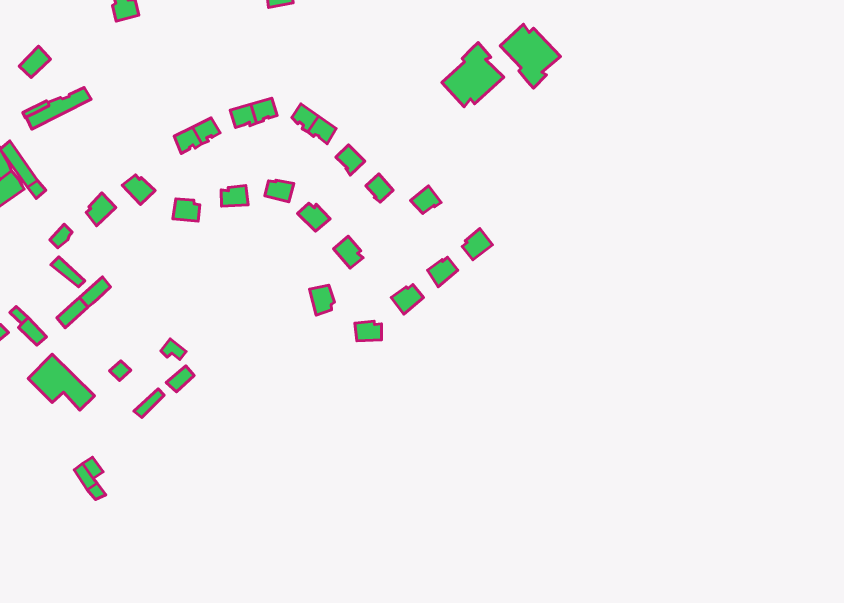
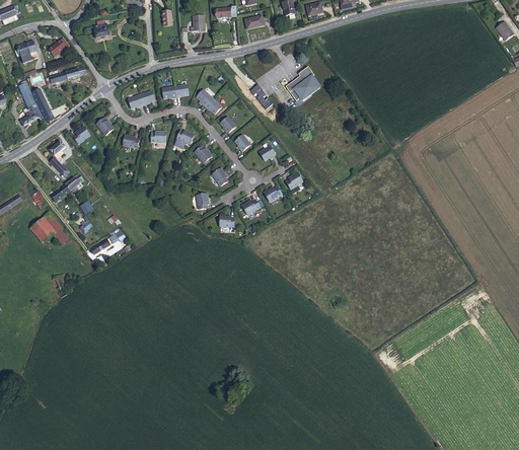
building: [500,24,560,88] -> none

